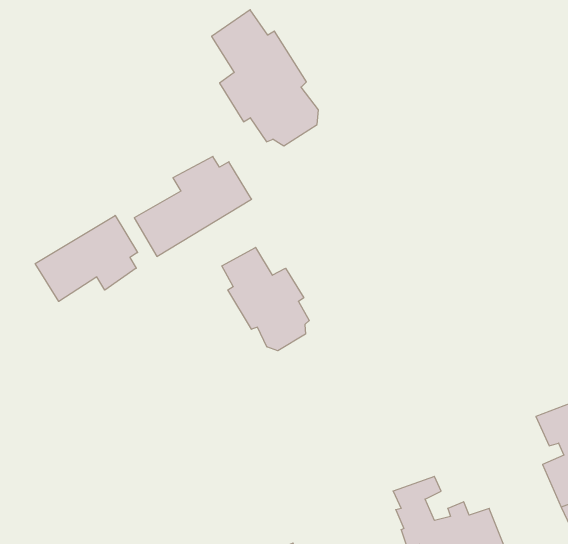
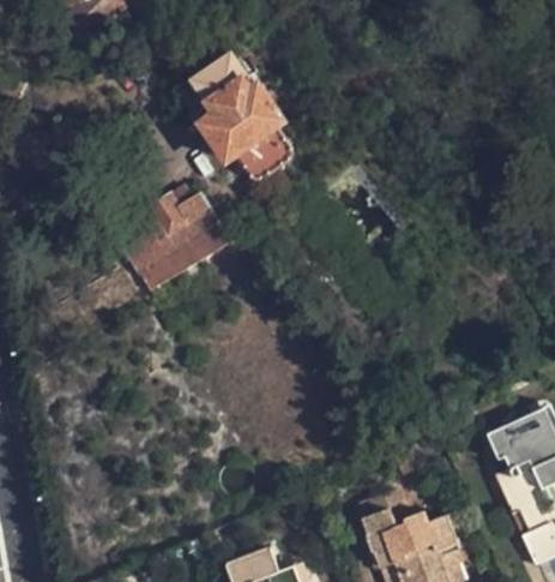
building: [35,215,138,301] -> none
building: [222,247,309,351] -> none

